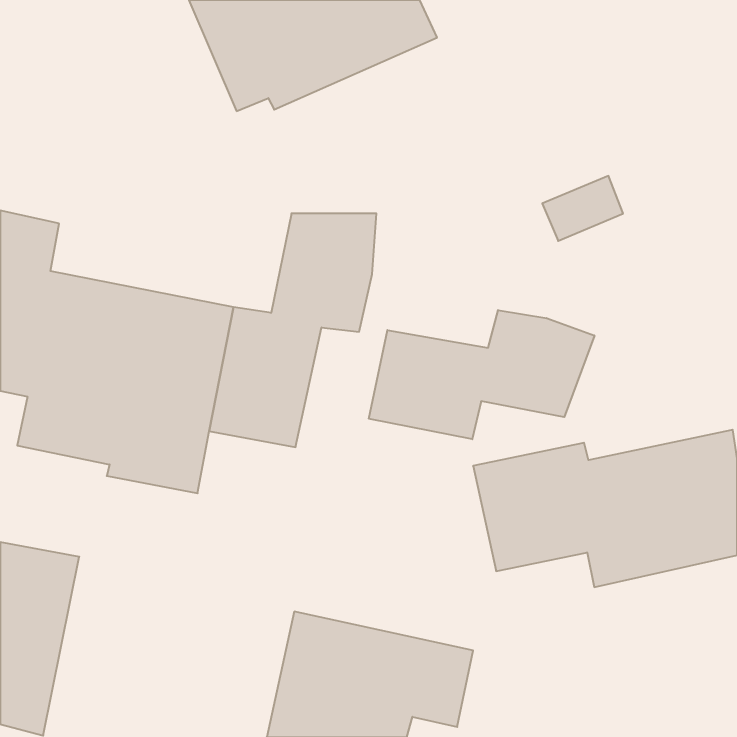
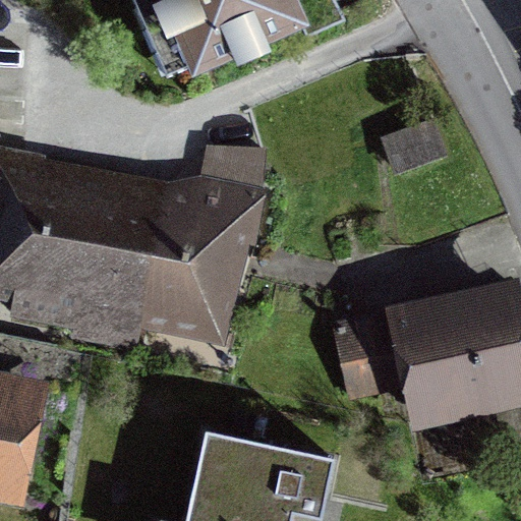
building: [369,310,594,439] -> none

